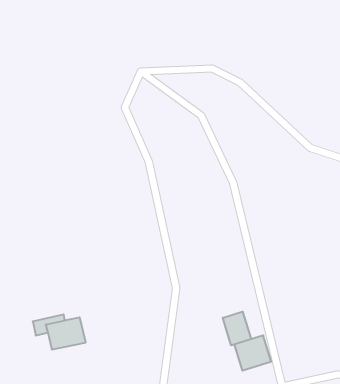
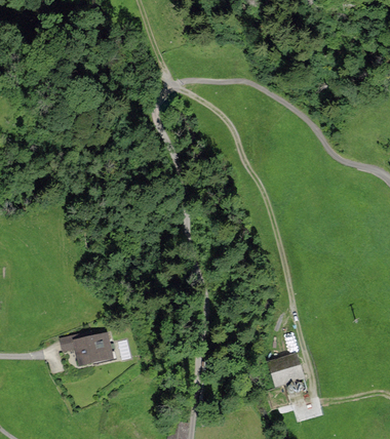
building: [223,312,251,345] -> none

